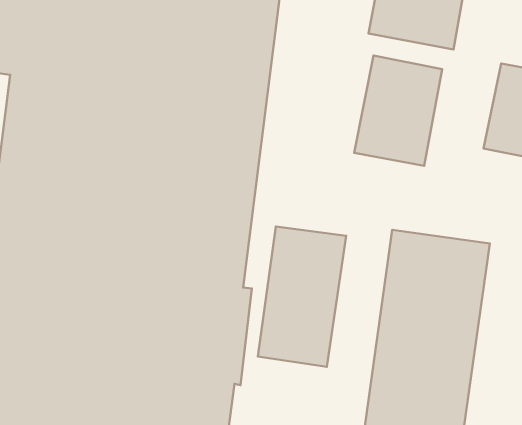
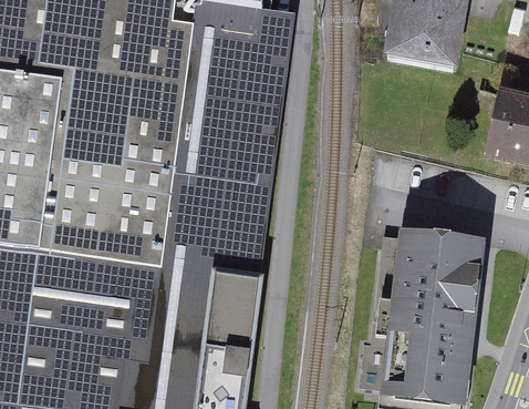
building: [354,56,442,166] -> none
building: [258,226,346,367] -> none

